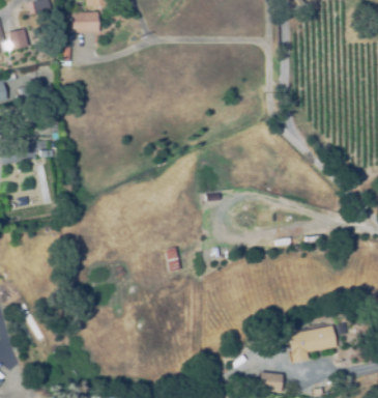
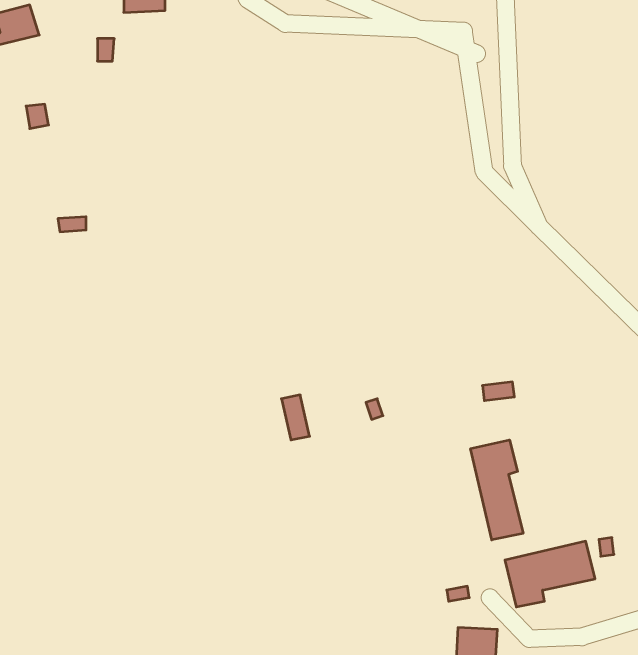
building: none -> [471,440,523,540]

